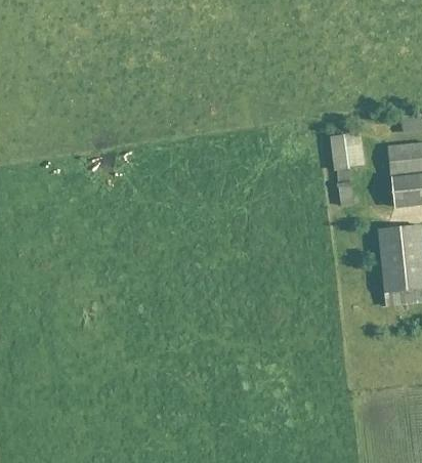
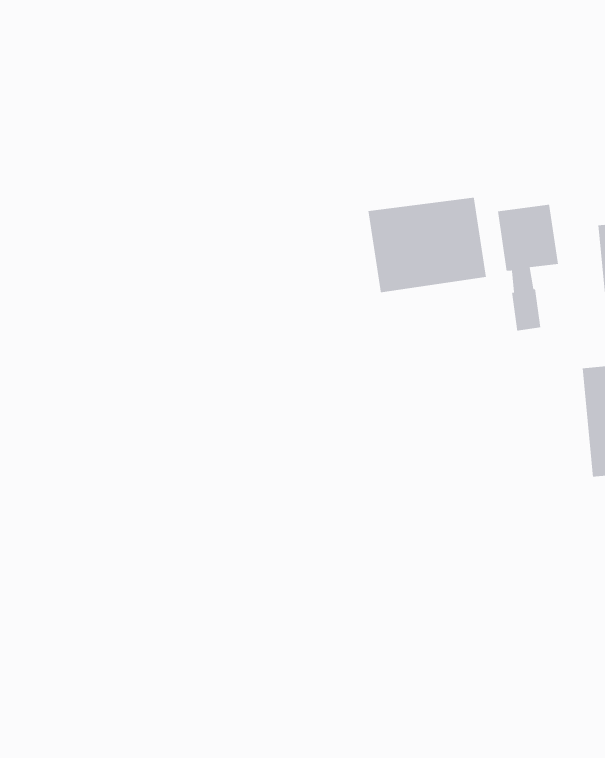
building: none -> [368,197,486,293]

